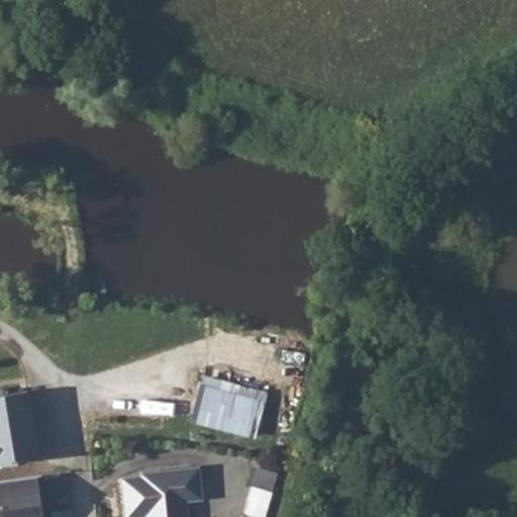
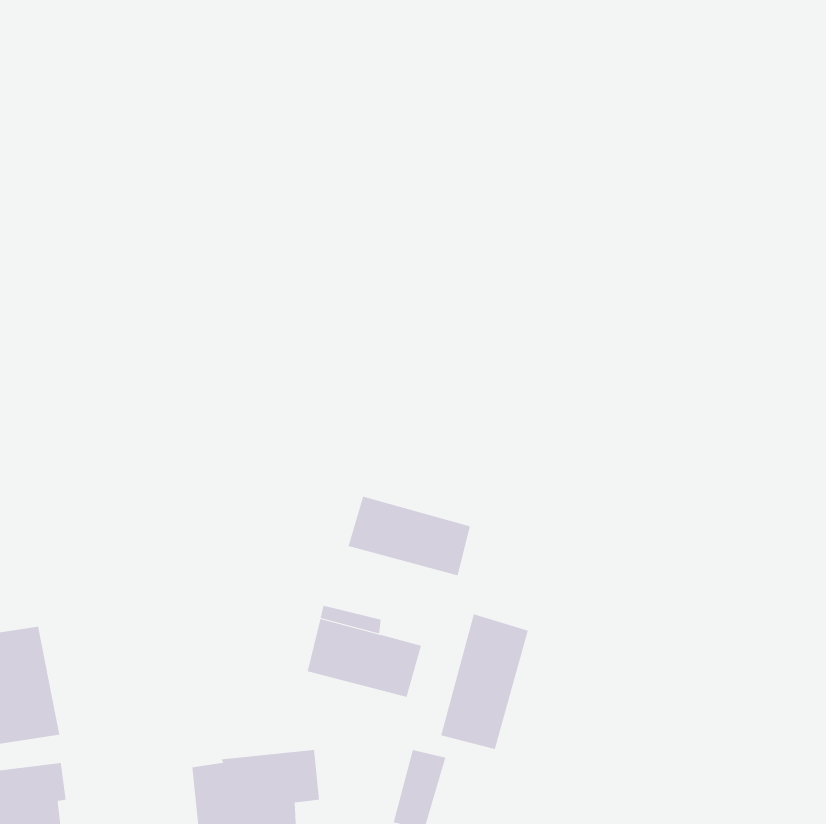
building: none -> [348,496,471,576]
building: none -> [440,613,529,750]

